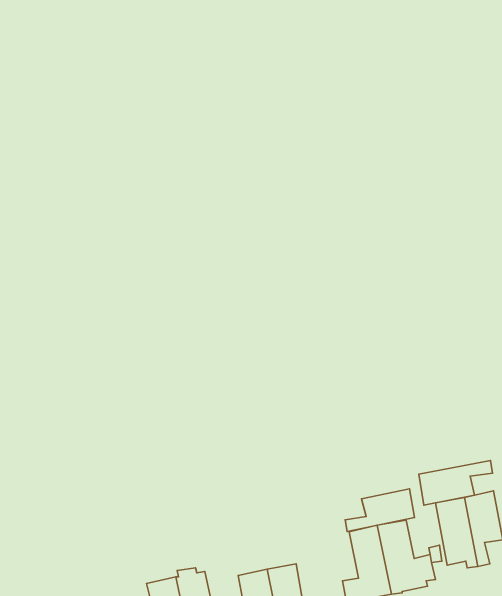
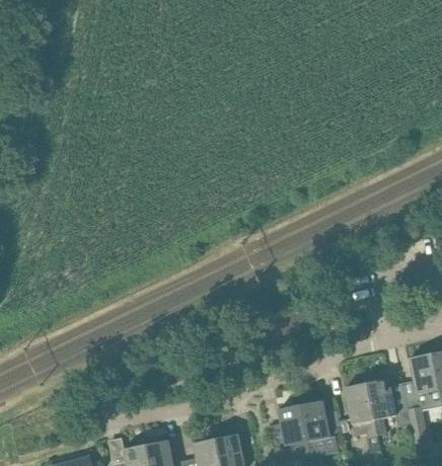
building: [419,461,493,505] -> none
building: [345,489,414,532] -> none

